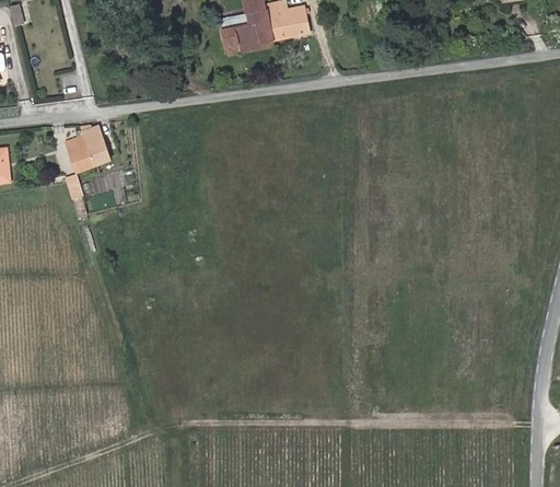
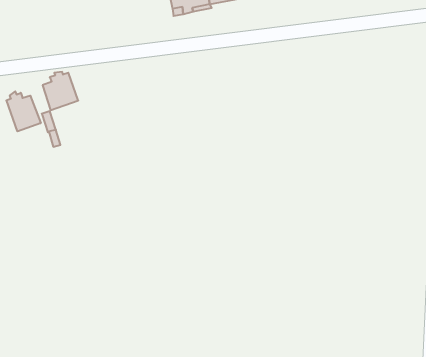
building: none -> [6,91,41,131]

